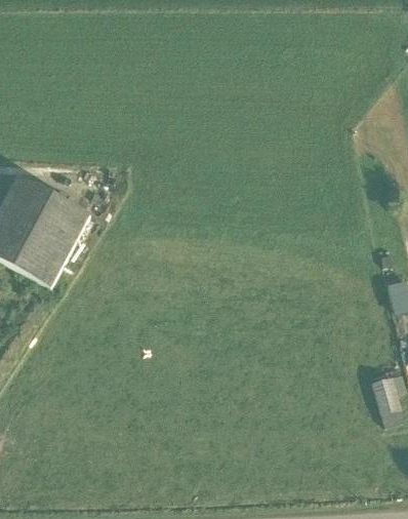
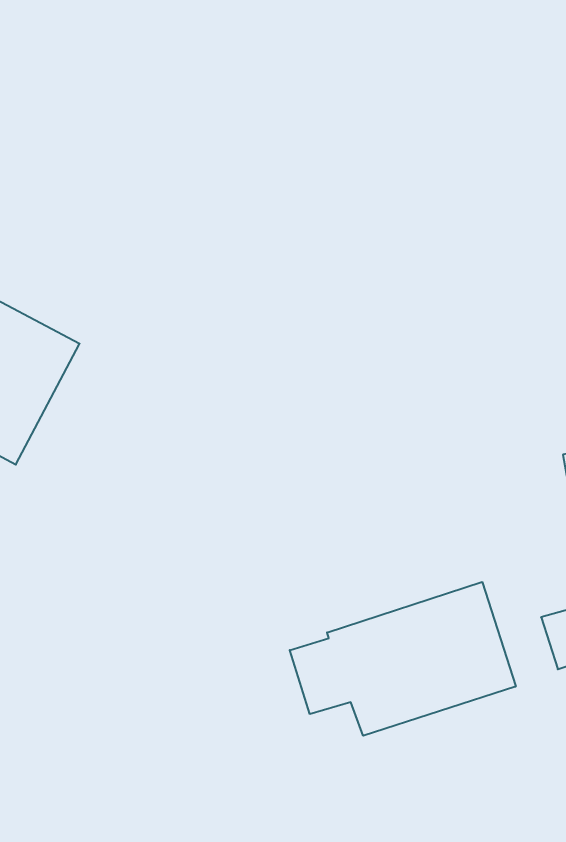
building: none -> [290,582,516,736]

